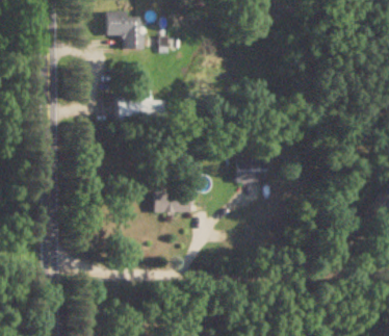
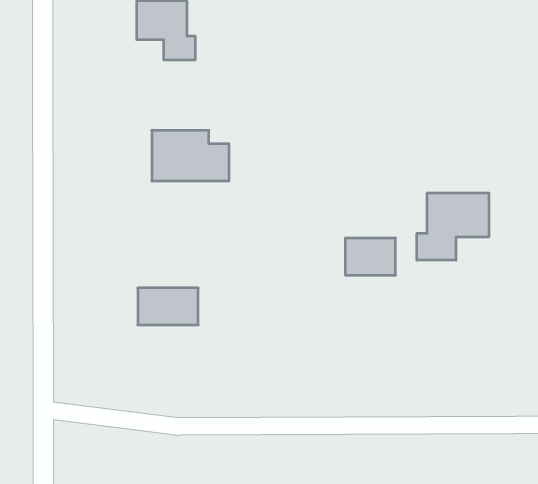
building: none -> [417,193,489,260]
building: [153,191,190,214] -> [138,288,198,325]

